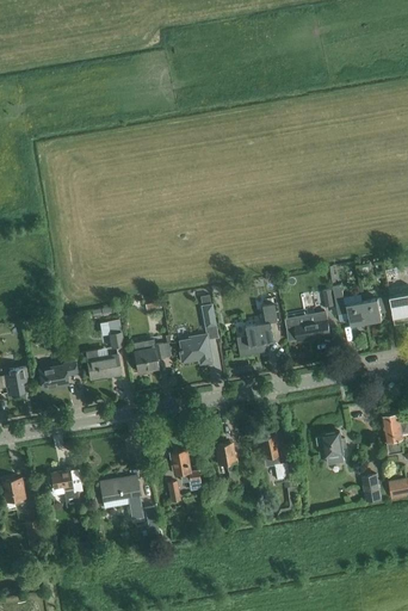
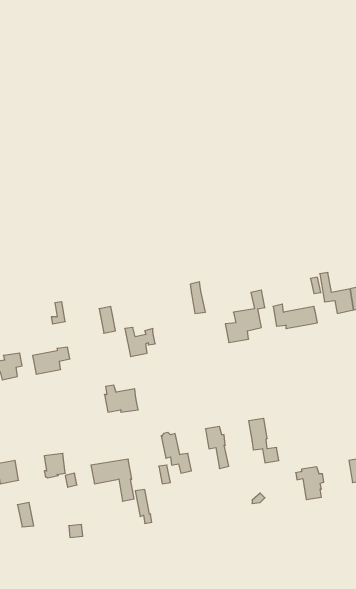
building: [178,334,211,364] -> none
building: [86,350,120,377] -> [104,385,138,412]
building: [316,432,345,465] -> [296,467,324,500]

